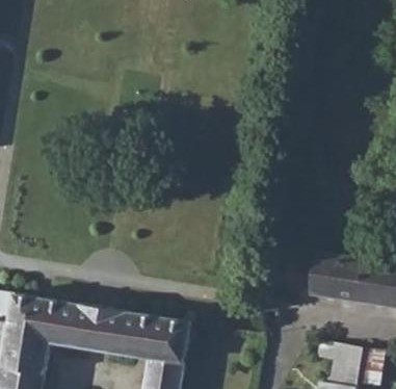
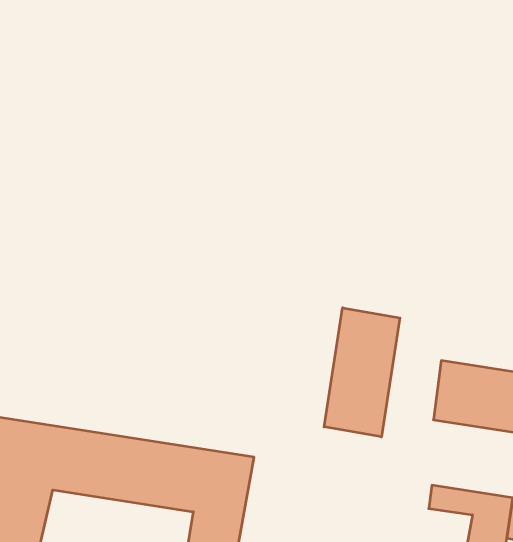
building: none -> [324,308,400,437]

